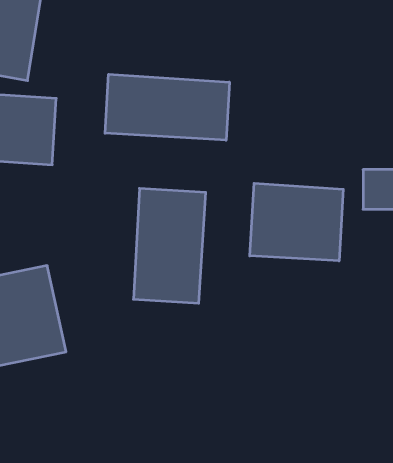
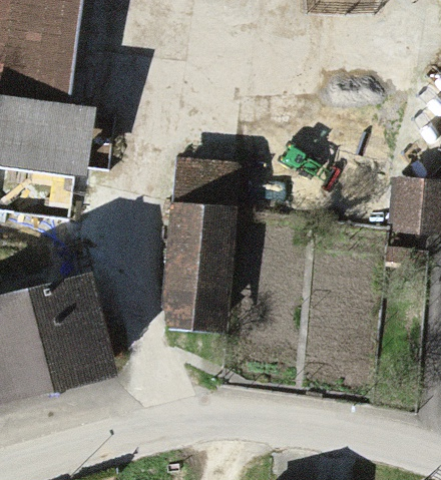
building: [105,74,229,140] -> none
building: [250,183,343,261] -> none

